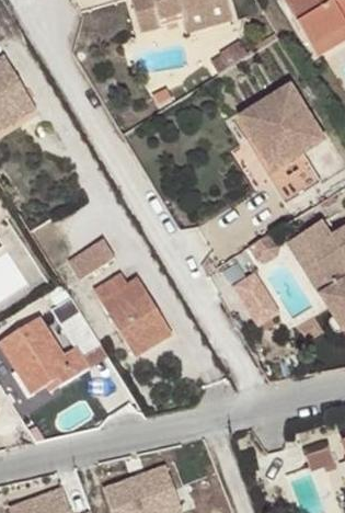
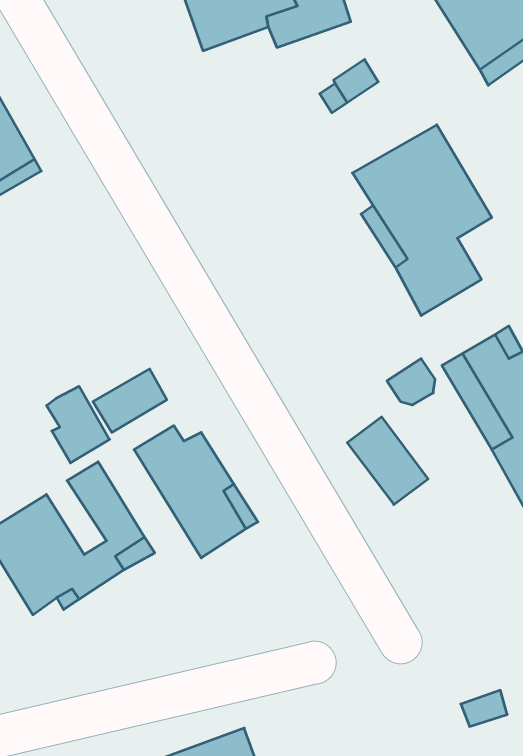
building: none -> [47,386,110,463]

